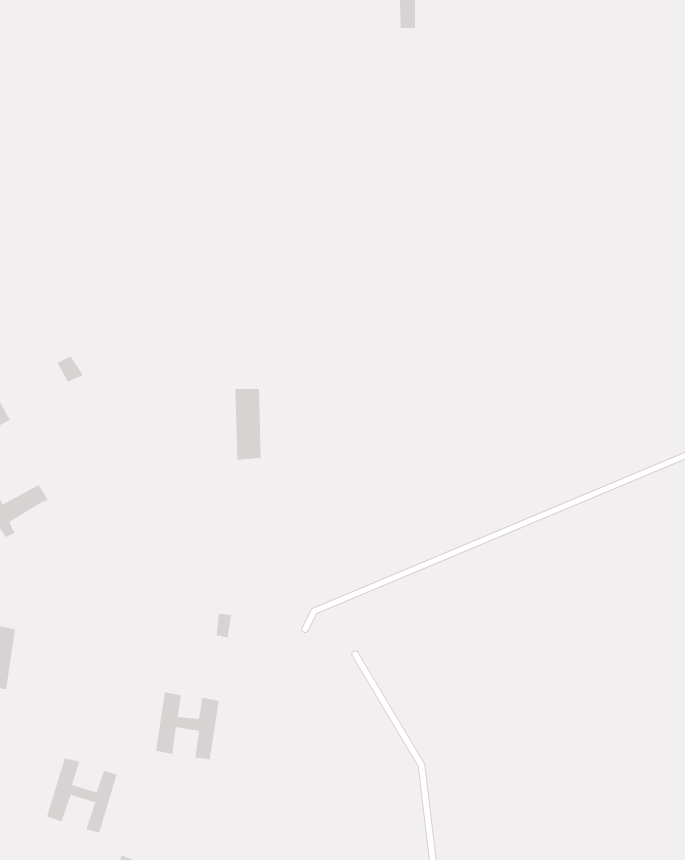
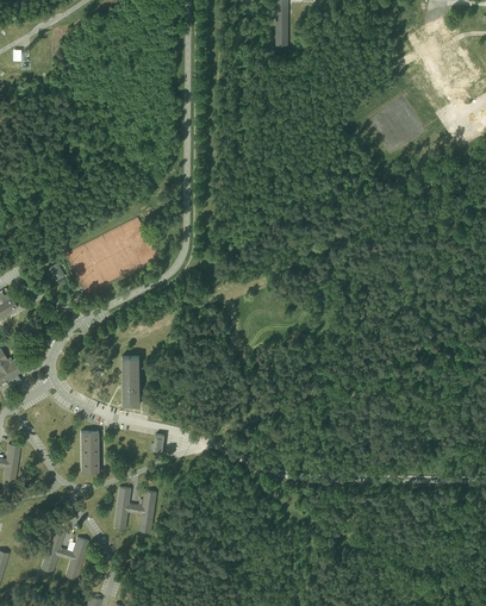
building: [235,389,261,460] -> [122,357,139,405]
building: none -> [80,433,99,473]

